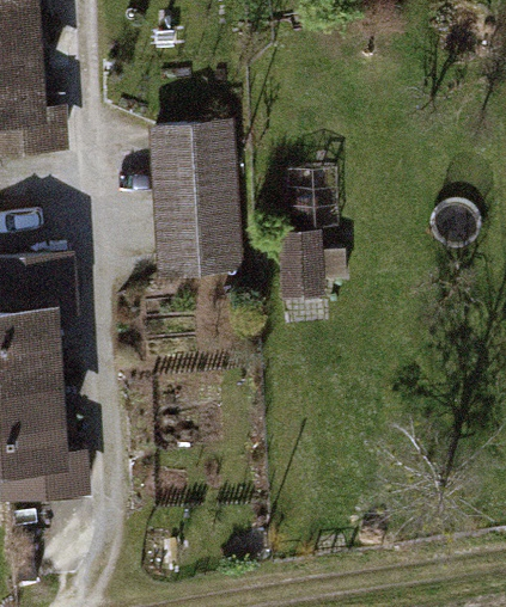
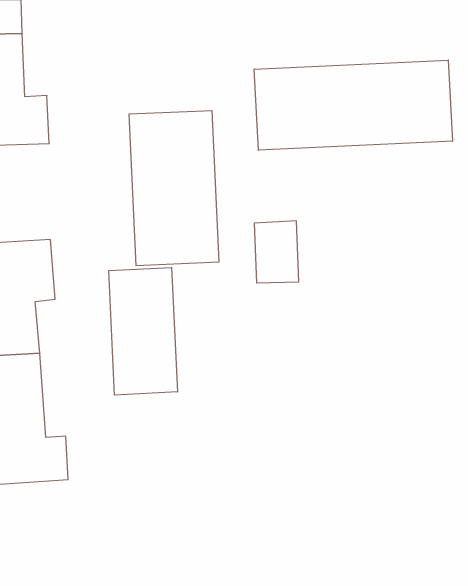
building: none -> [254,60,452,150]
building: none -> [109,267,177,395]

